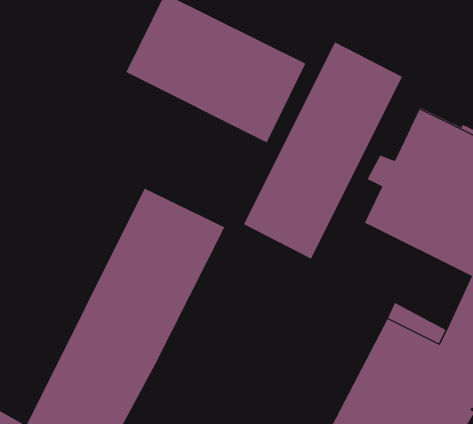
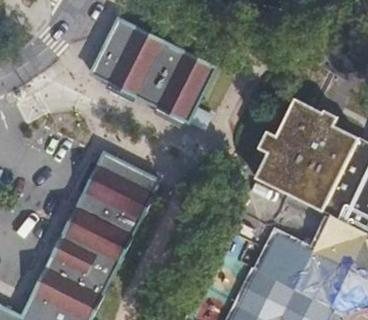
building: [243,42,403,259] -> none

